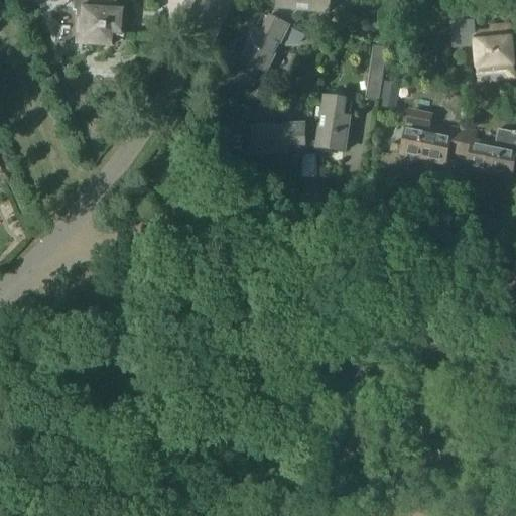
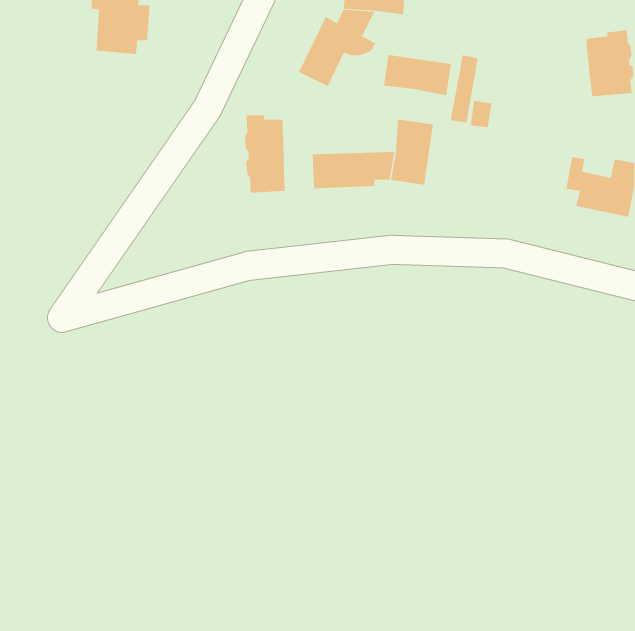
building: [449,18,476,44] -> none
building: none -> [384,54,451,96]
building: none -> [245,114,285,194]
building: [401,110,464,162] -> none

